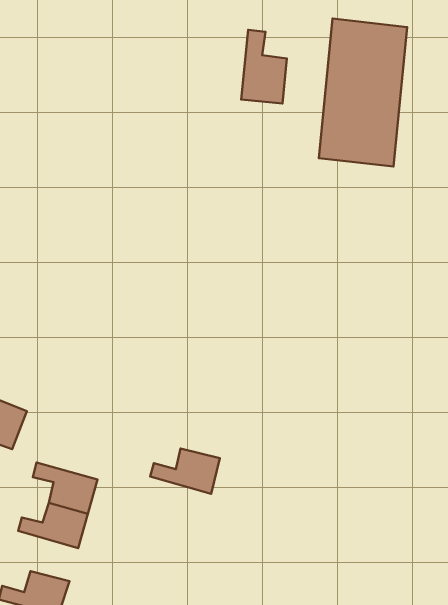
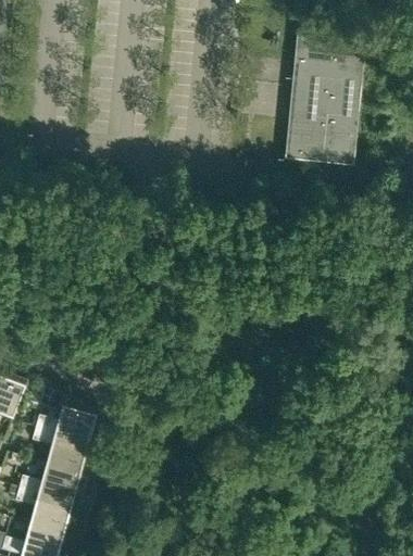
building: [241,30,287,103] -> none
building: [150,449,220,494] -> [36,403,98,443]
building: none -> [9,485,73,533]

